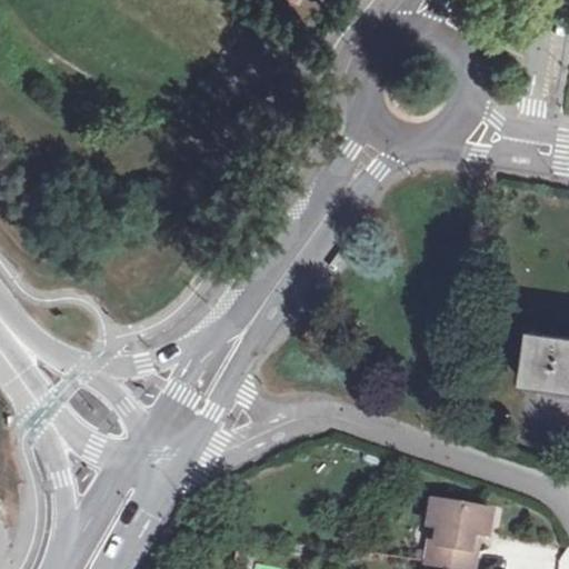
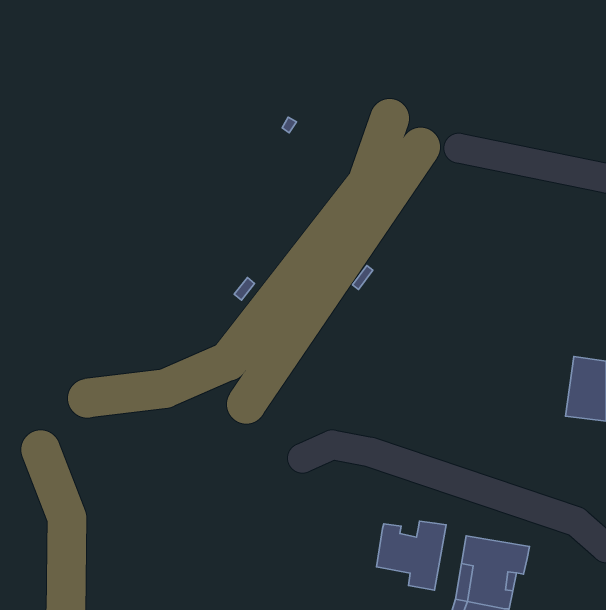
building: none -> [376,521,446,590]

